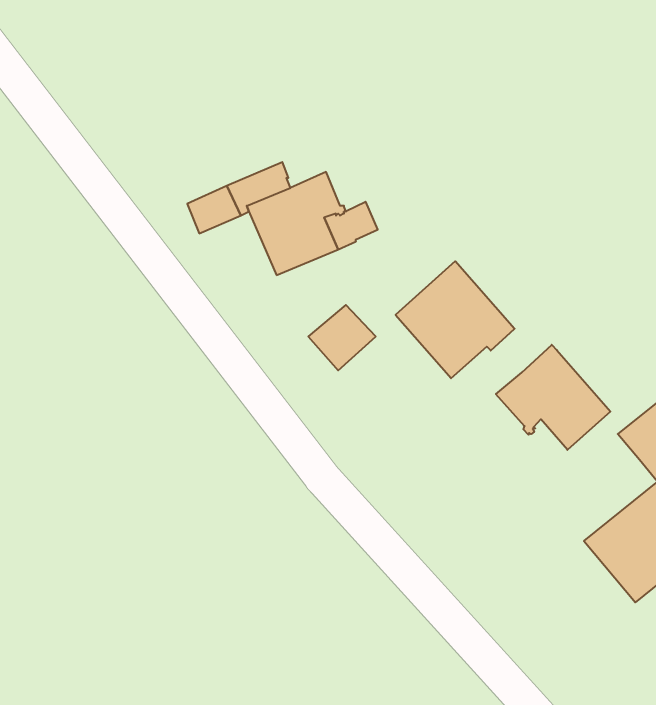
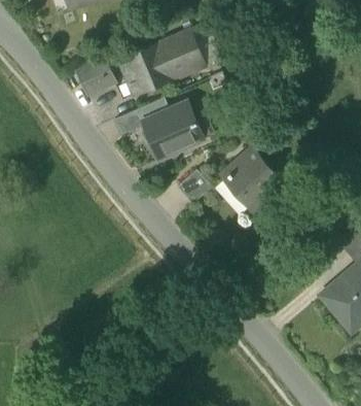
building: none -> [119,22,217,95]
building: none -> [74,55,115,95]
building: [496,345,610,450] -> none

